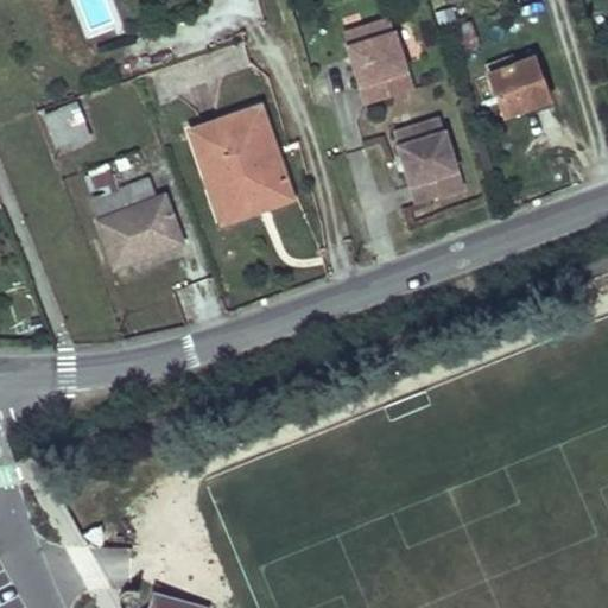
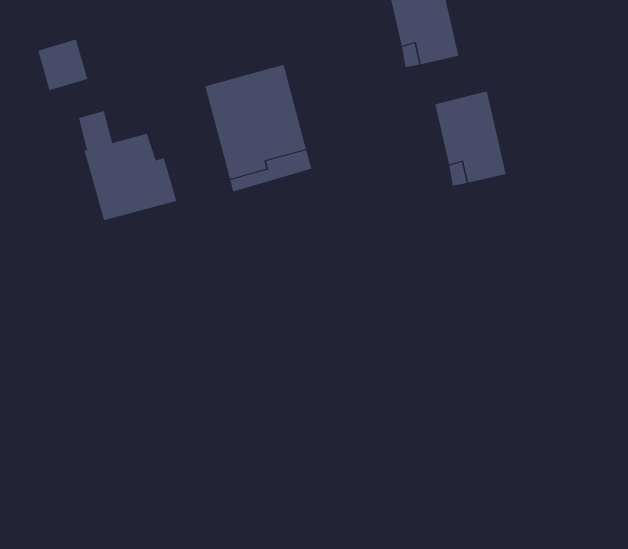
building: [492,56,550,114] -> none

